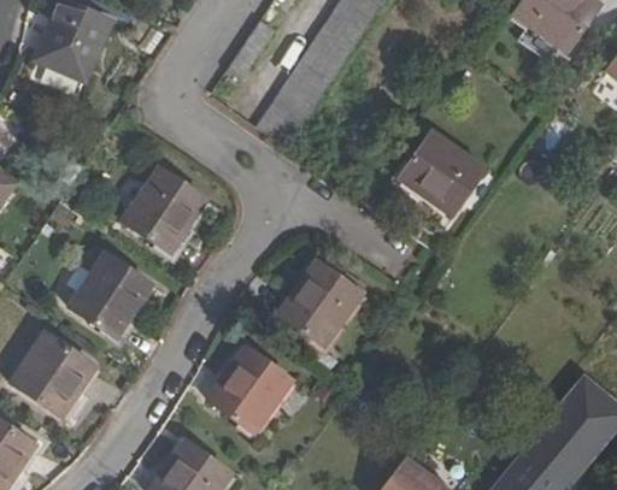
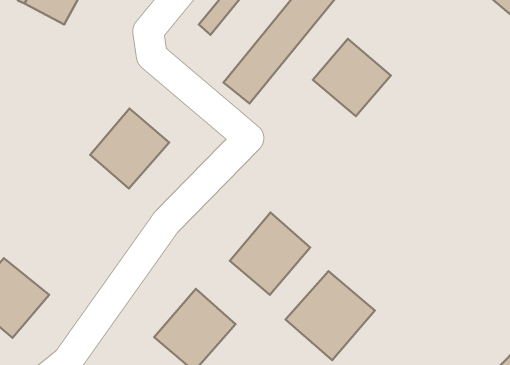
building: [400,131,481,211] -> [313,39,391,116]
building: [69,249,154,336] -> none
building: none -> [286,271,375,360]

